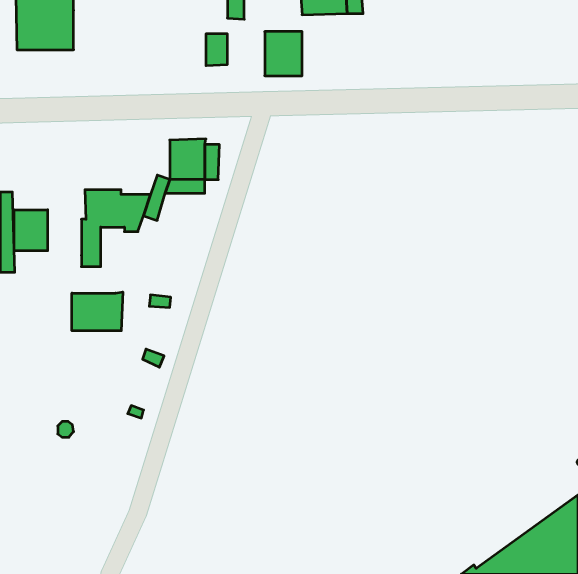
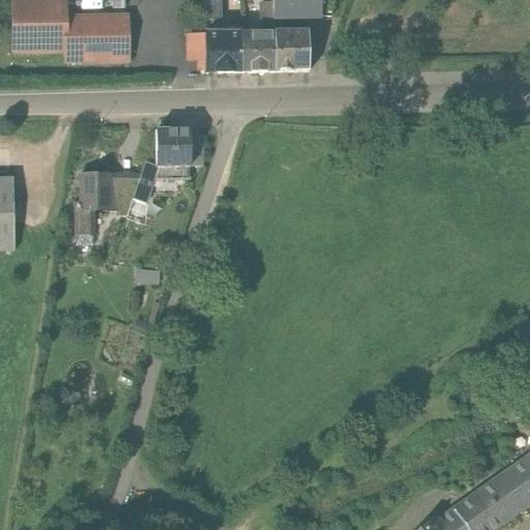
building: none -> [67,8,131,59]
building: none -> [208,29,242,69]
building: none -> [276,29,310,69]
building: [14,210,48,251] -> none
building: [72,292,123,331] -> none

